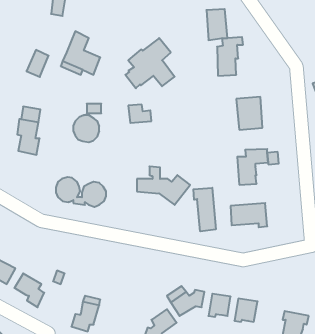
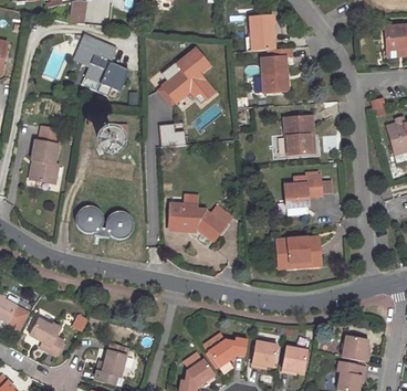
building: [26,50,49,77] -> [74,34,100,65]
building: [193,188,216,231] -> none
building: none -> [343,336,369,362]

